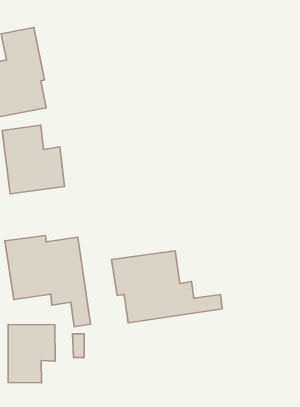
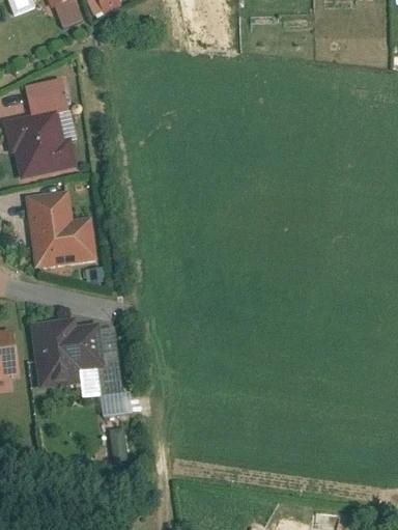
building: [111,251,222,323] -> none
building: [8,325,55,383] -> none

